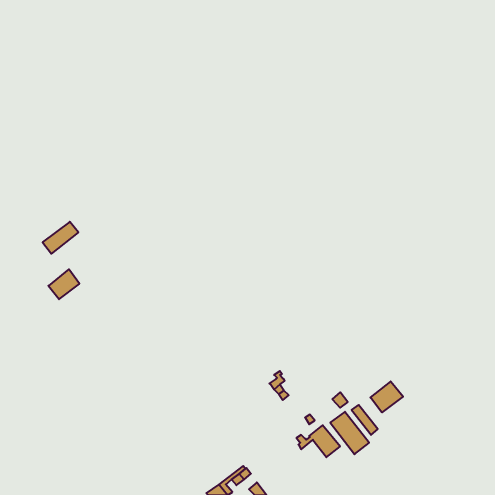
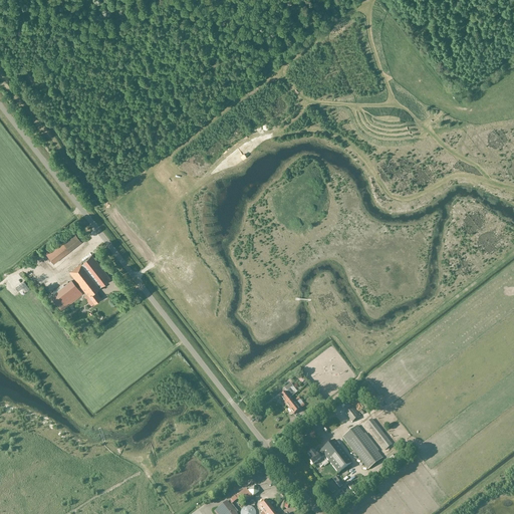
building: none -> [69,255,110,305]
building: [370,381,403,412] -> none

